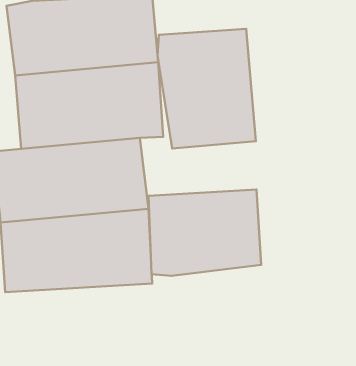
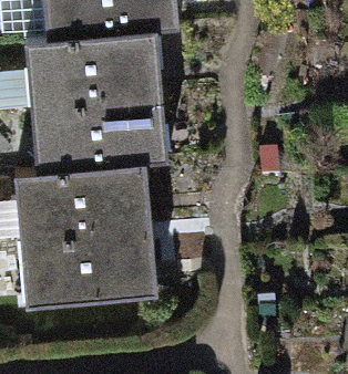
building: [158,29,256,149] -> none
building: [149,189,261,276] -> none

